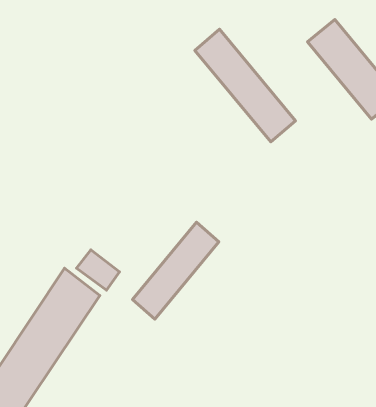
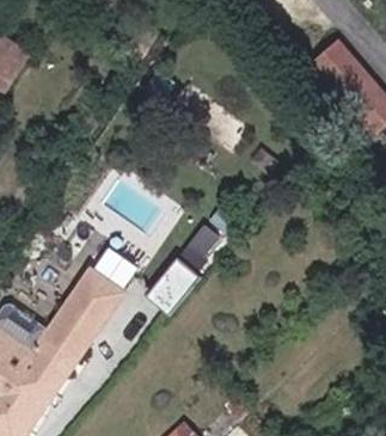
building: [195,29,295,142] -> none

